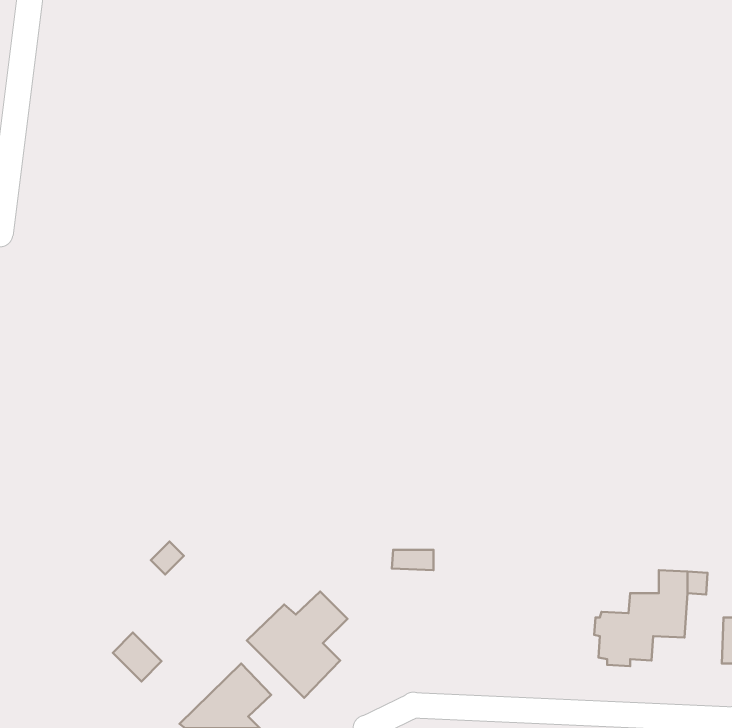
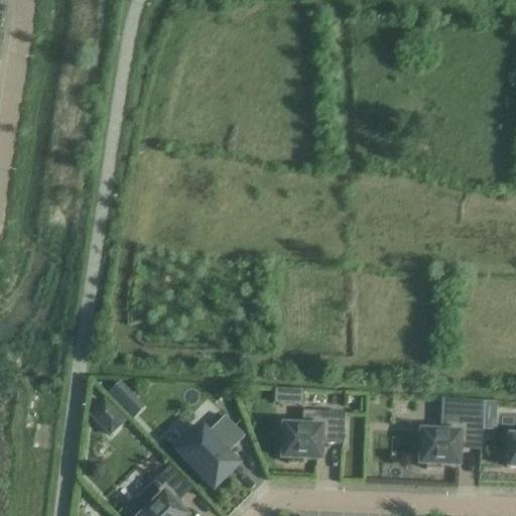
building: none -> [279,410,344,463]
building: [113,633,161,681] -> [91,399,125,433]

